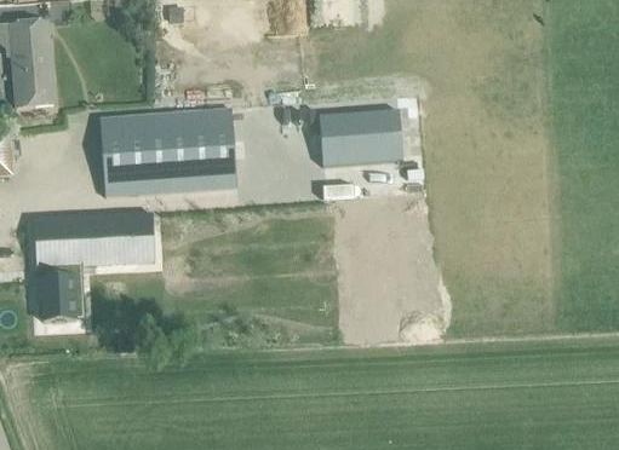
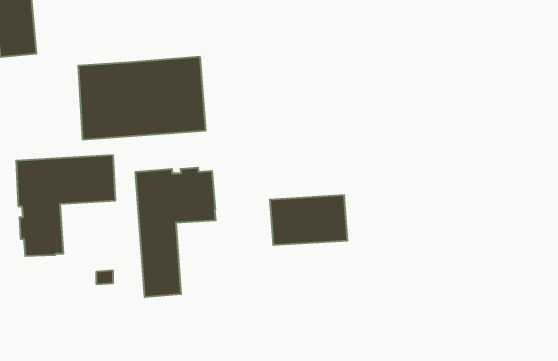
building: [319,112,402,166] -> [270,195,348,245]
building: none -> [136,167,216,297]

